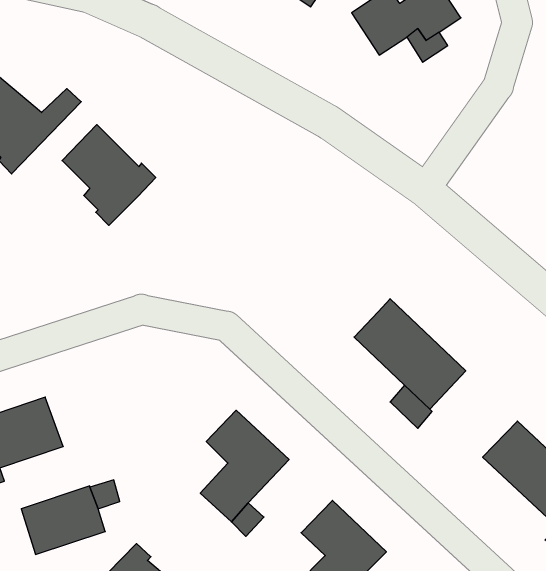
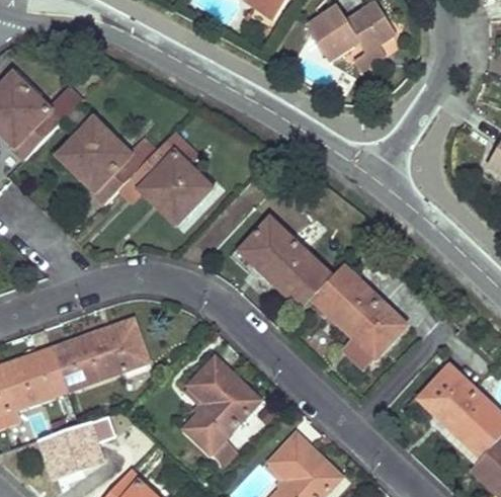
building: none -> [130,138,215,217]
building: none -> [239,217,332,309]
building: none -> [52,320,147,389]

